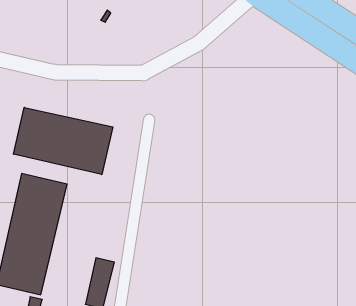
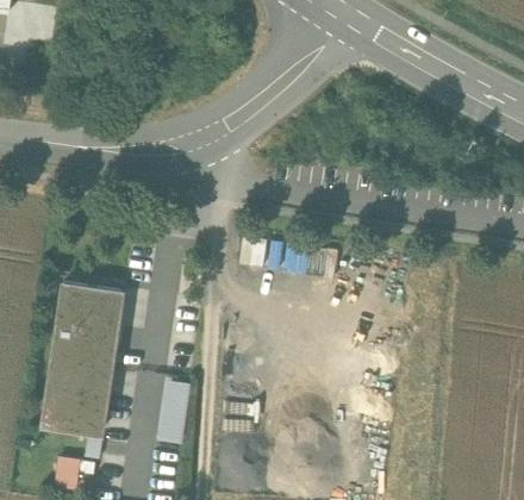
building: [14,107,113,175] -> none

